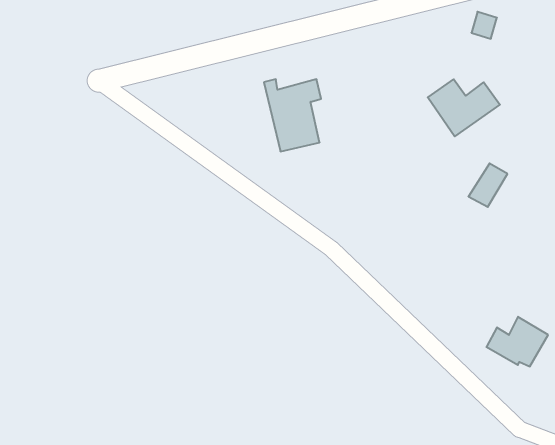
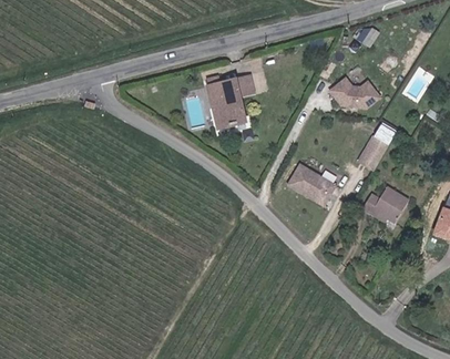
building: none -> [288,165,334,205]
building: [486,317,548,366] -> [362,185,408,222]

